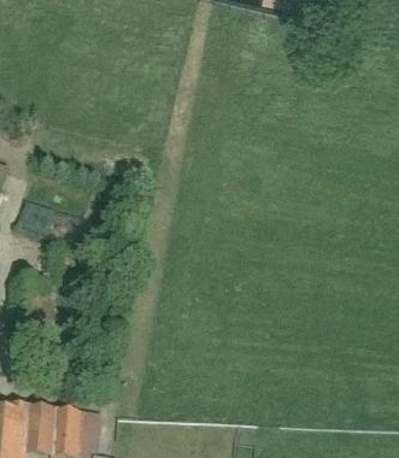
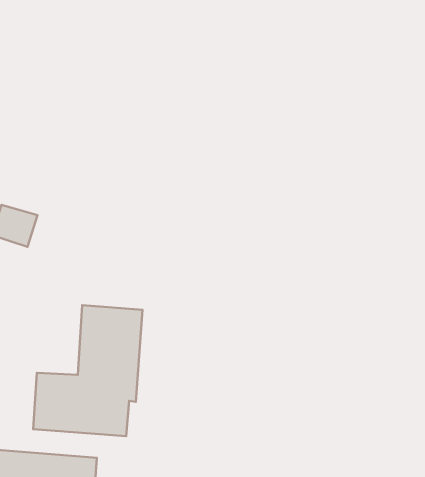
building: none -> [33,305,142,436]

